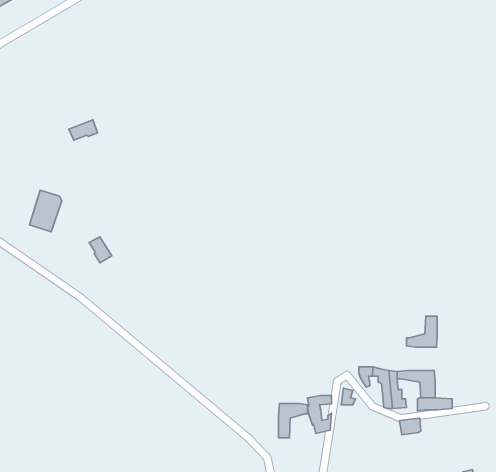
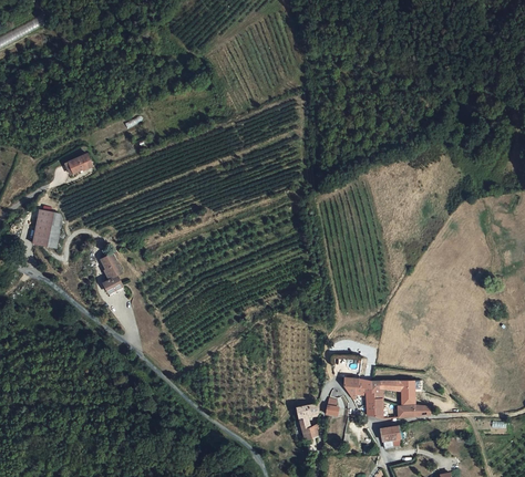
building: [407,316,437,347] -> none
building: [278,403,308,438] -> none

